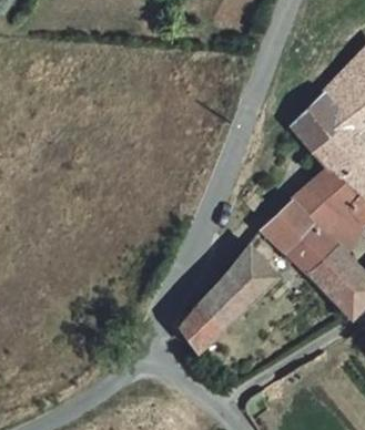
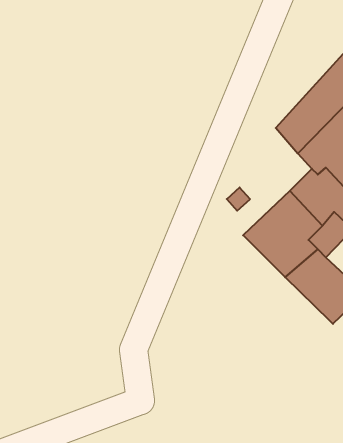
building: [178,246,284,350] -> none

